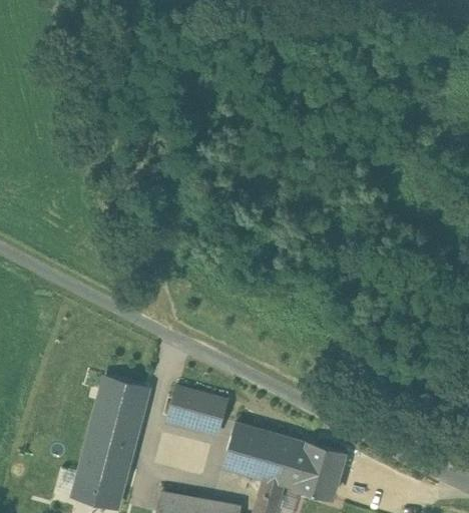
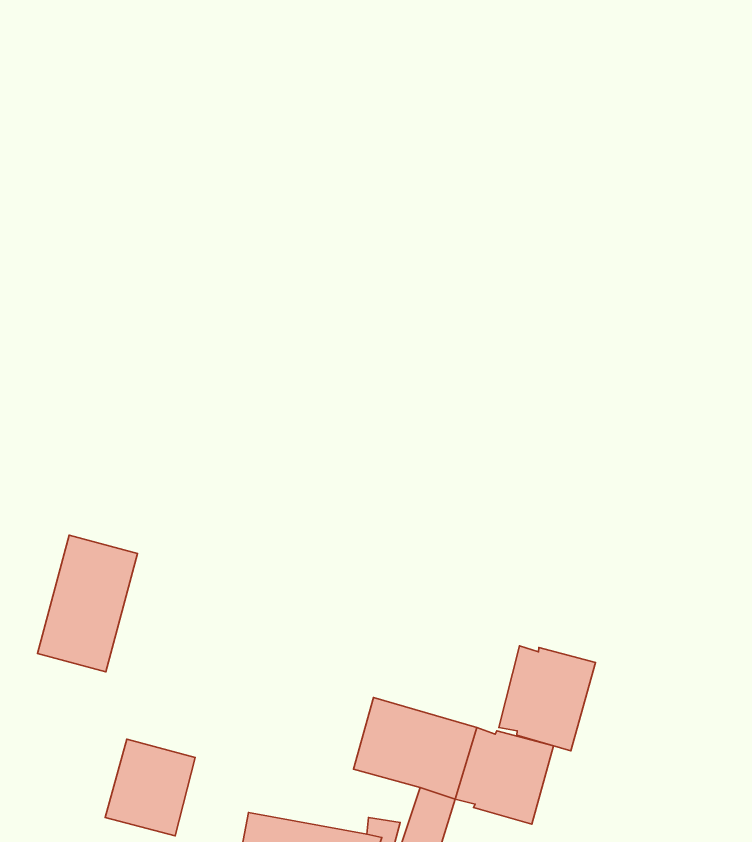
building: [87,378,147,460] -> [38,535,138,672]
building: [167,387,227,432] -> none
building: none -> [499,646,595,751]

